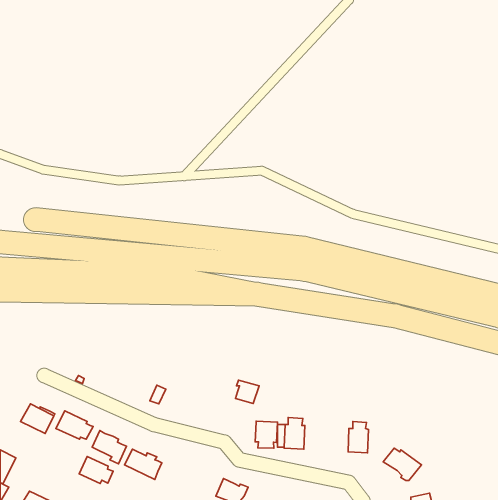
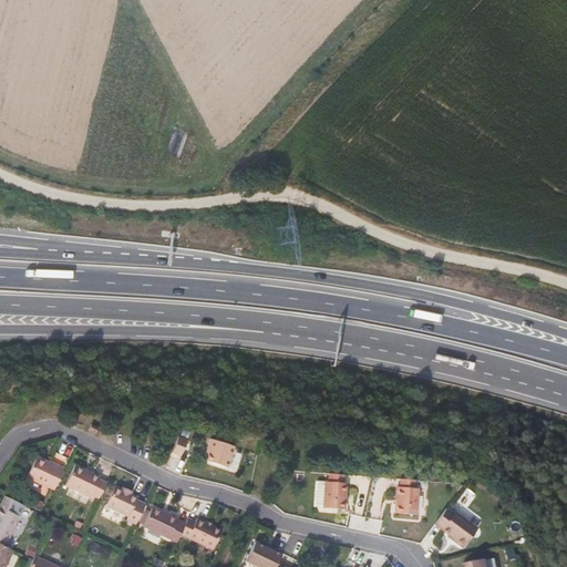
building: [236,380,259,404] -> [208,440,235,466]
building: [255,421,278,448] -> none
building: [79,456,113,484] -> none
building: none -> [182,519,223,549]

